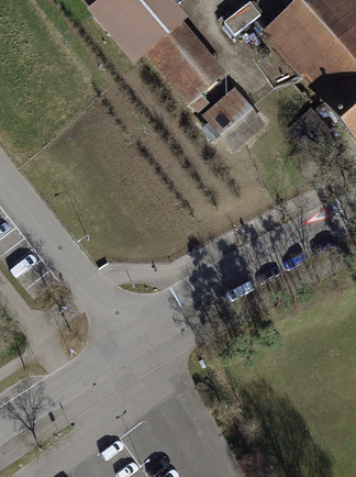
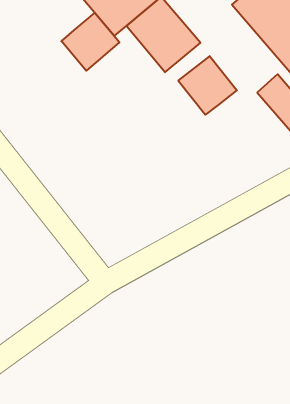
building: none -> [61,13,119,71]

